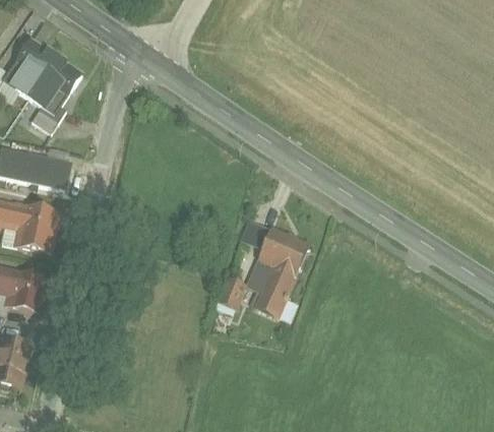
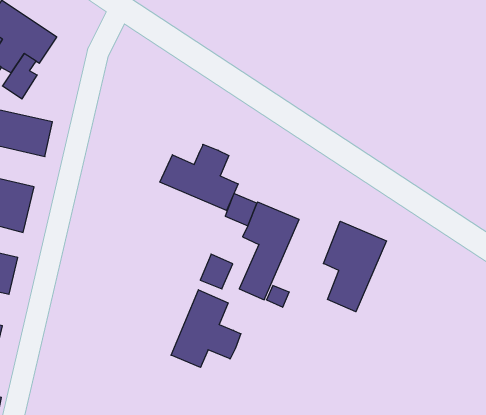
building: none -> [160,144,238,211]
building: none -> [323,221,387,312]
building: none -> [171,290,241,367]

